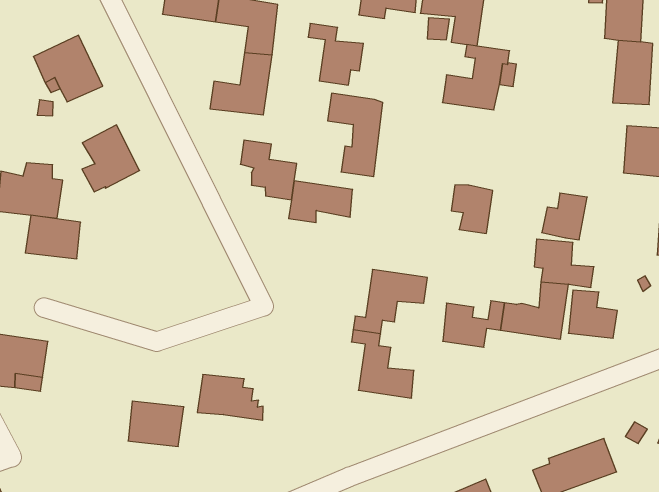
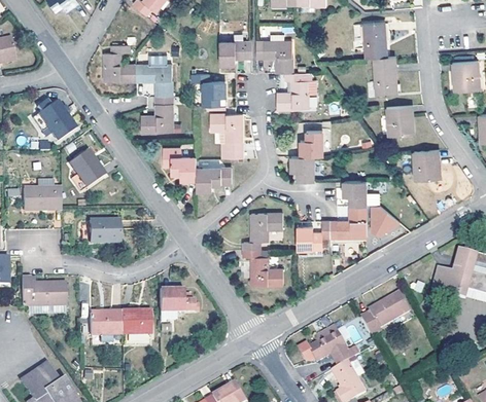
building: [542,193,587,240] -> [299,131,322,156]
building: [25,215,81,259] -> [89,220,119,243]
building: none -> [89,310,120,342]

